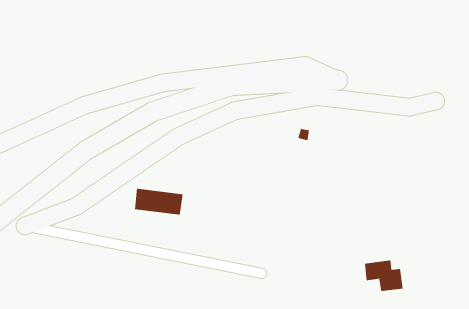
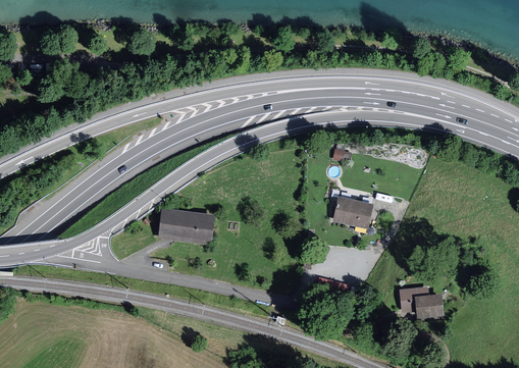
building: none -> [334,198,372,225]

